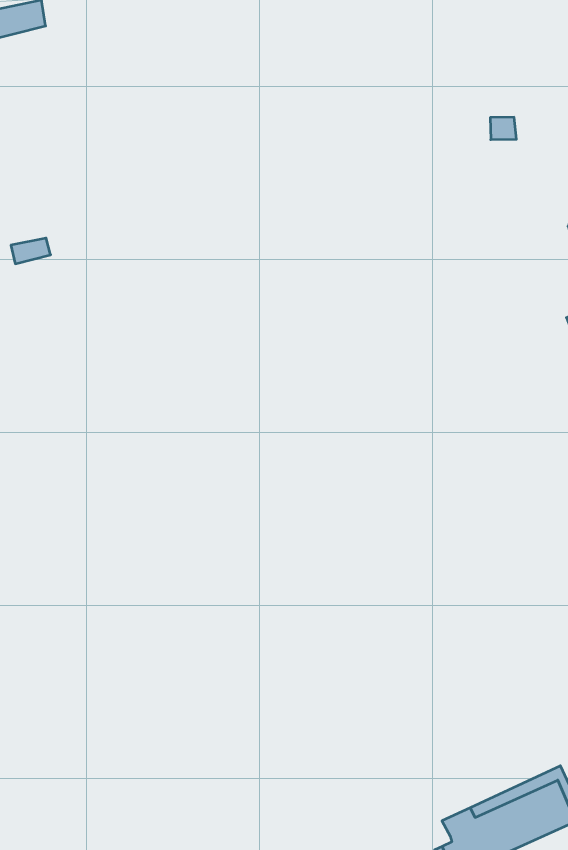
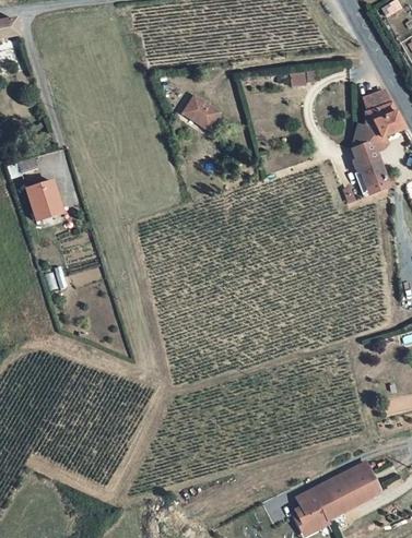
building: none -> [183,92,219,125]
building: none -> [24,183,62,223]

